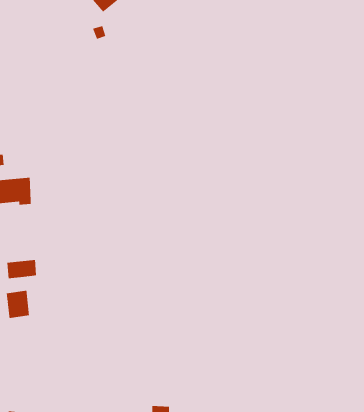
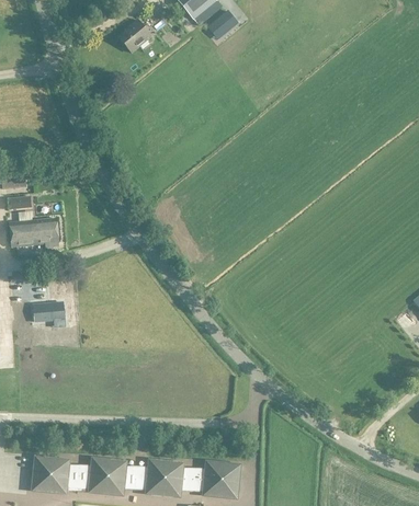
building: [6,290,30,319] -> none

